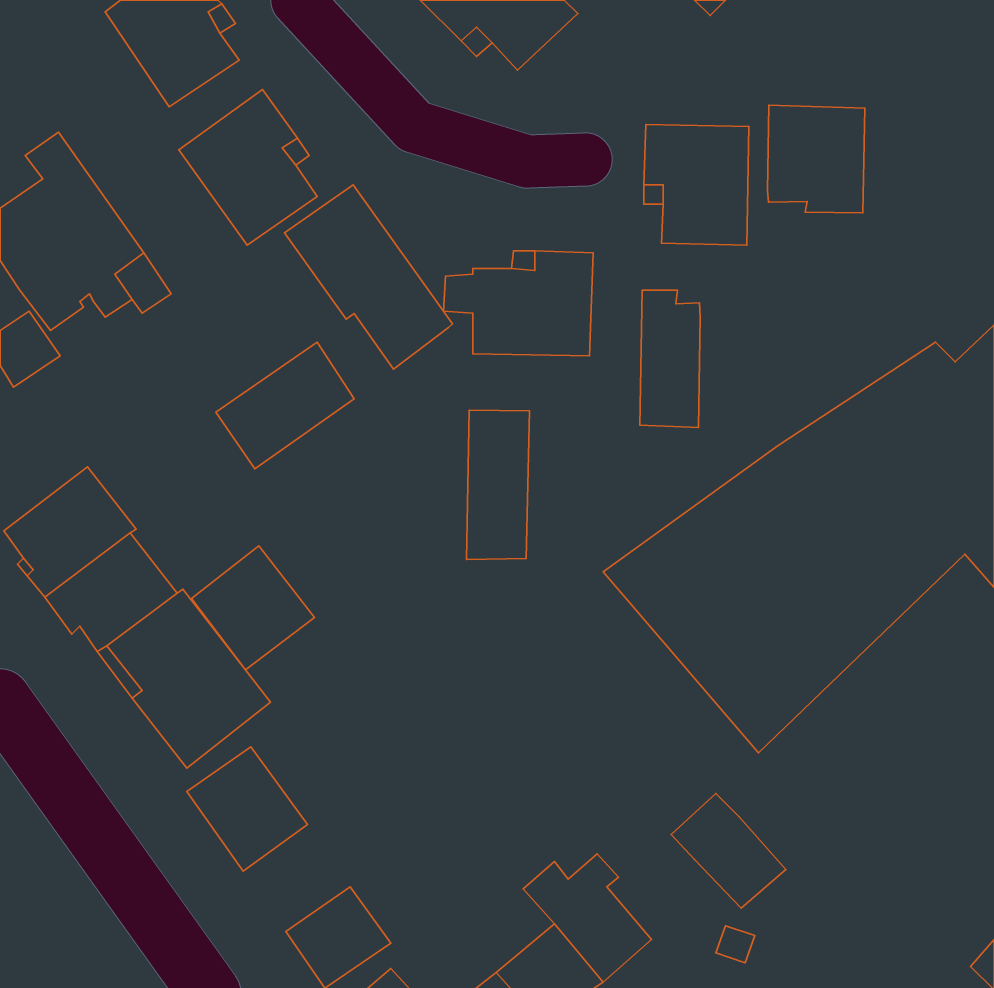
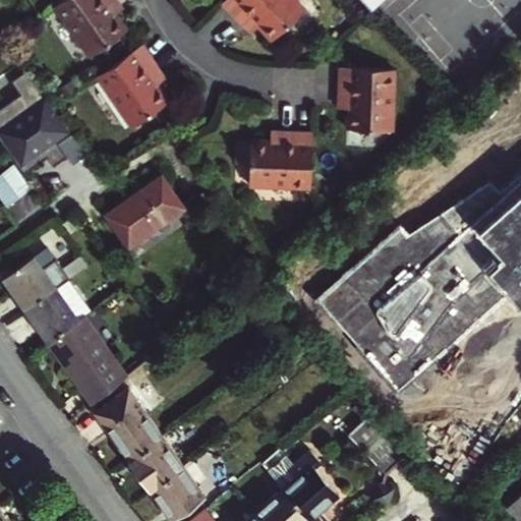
building: [767,105,865,213] -> none
building: [284,185,453,369] -> none
building: [640,290,700,428] -> none
building: [467,410,529,560] -> none
building: [192,546,314,670] -> none
building: none -> [127,435,183,490]

